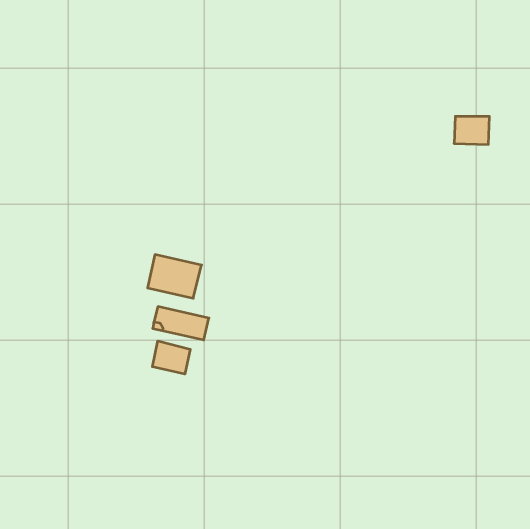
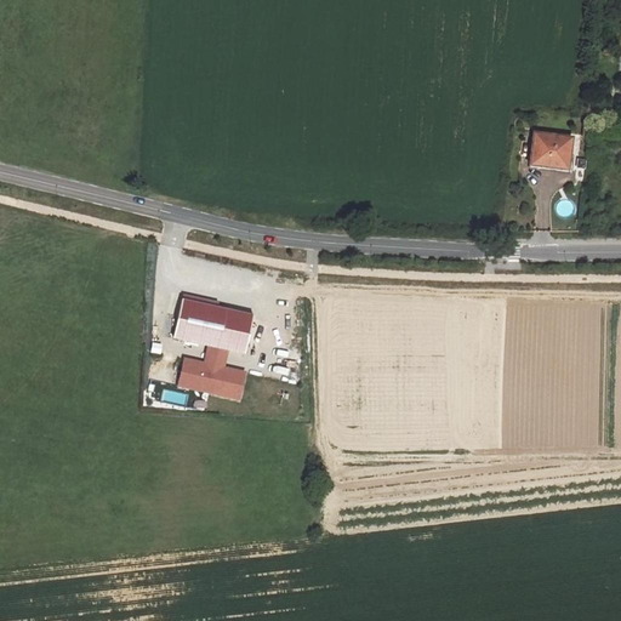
building: none -> [227,309,253,352]
building: [152,341,190,374] -> none

